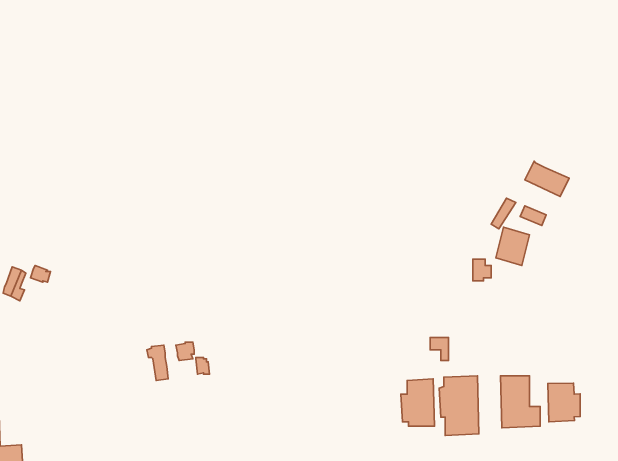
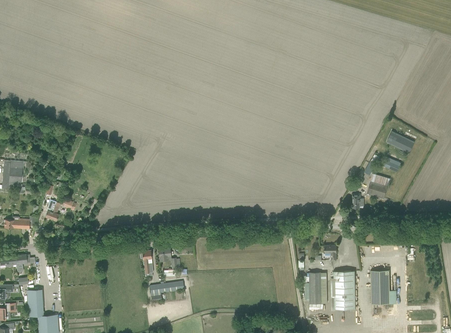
building: [548,383,580,422] -> none
building: none -> [149,281,184,302]

